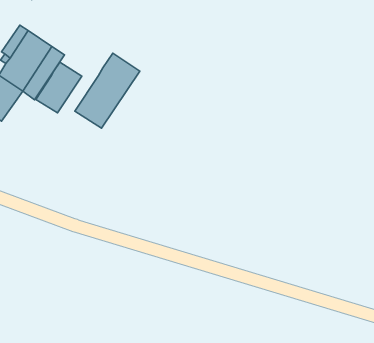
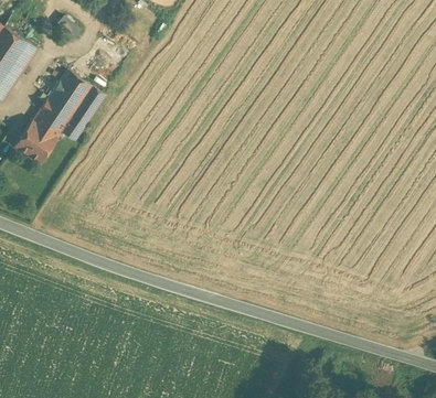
building: [75,53,140,128] -> none
building: [36,62,82,113] -> none

